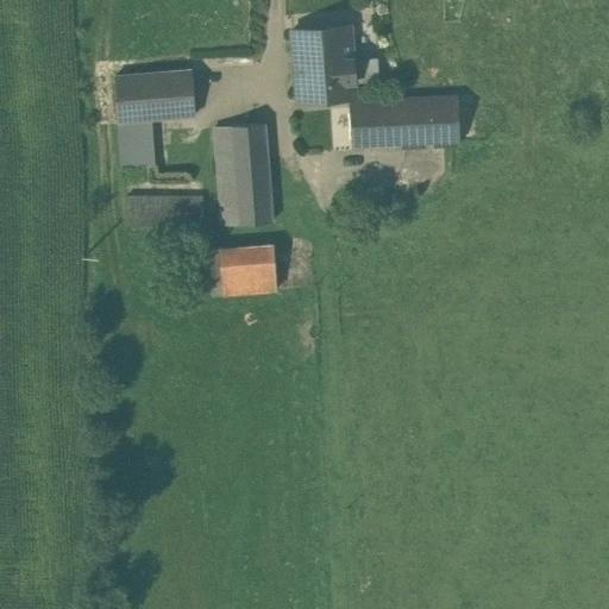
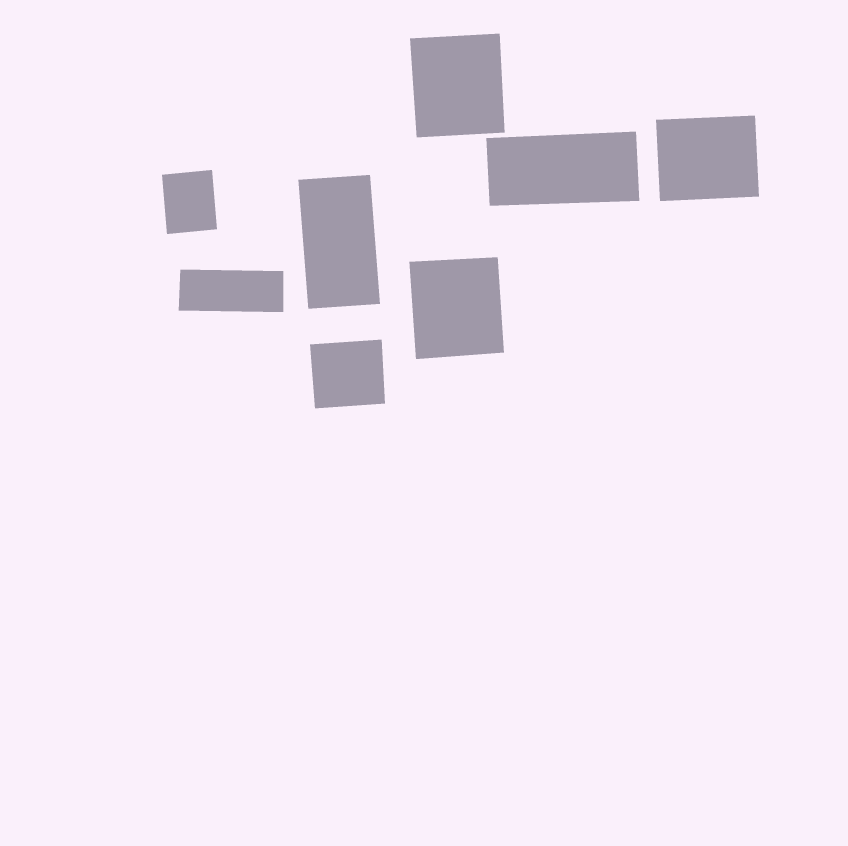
building: [115,71,195,120] -> none
building: none -> [655,115,760,202]
building: none -> [409,256,505,360]

